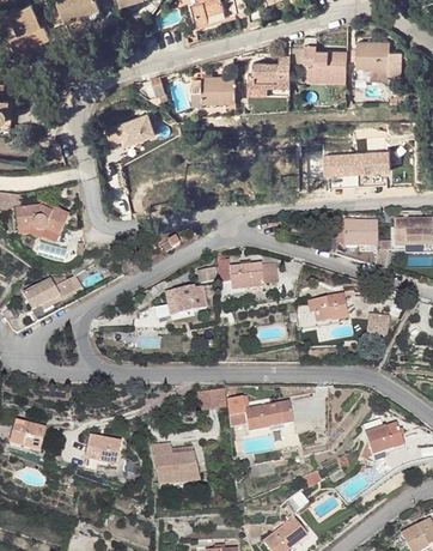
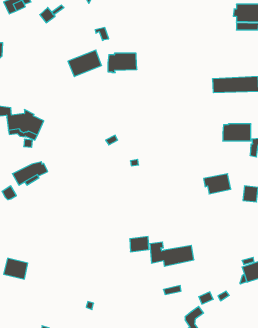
building: [305,49,348,74] -> none
building: [248,54,291,95] -> none
building: [193,75,236,104] -> [108,53,137,73]
building: [218,262,264,290] -> none
building: [170,285,207,314] -> none
building: [85,435,121,464] -> none
building: [150,443,201,485] -> none

